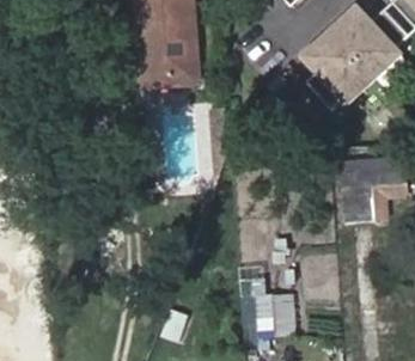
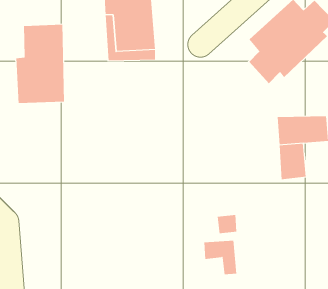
building: none -> [16,24,65,104]

